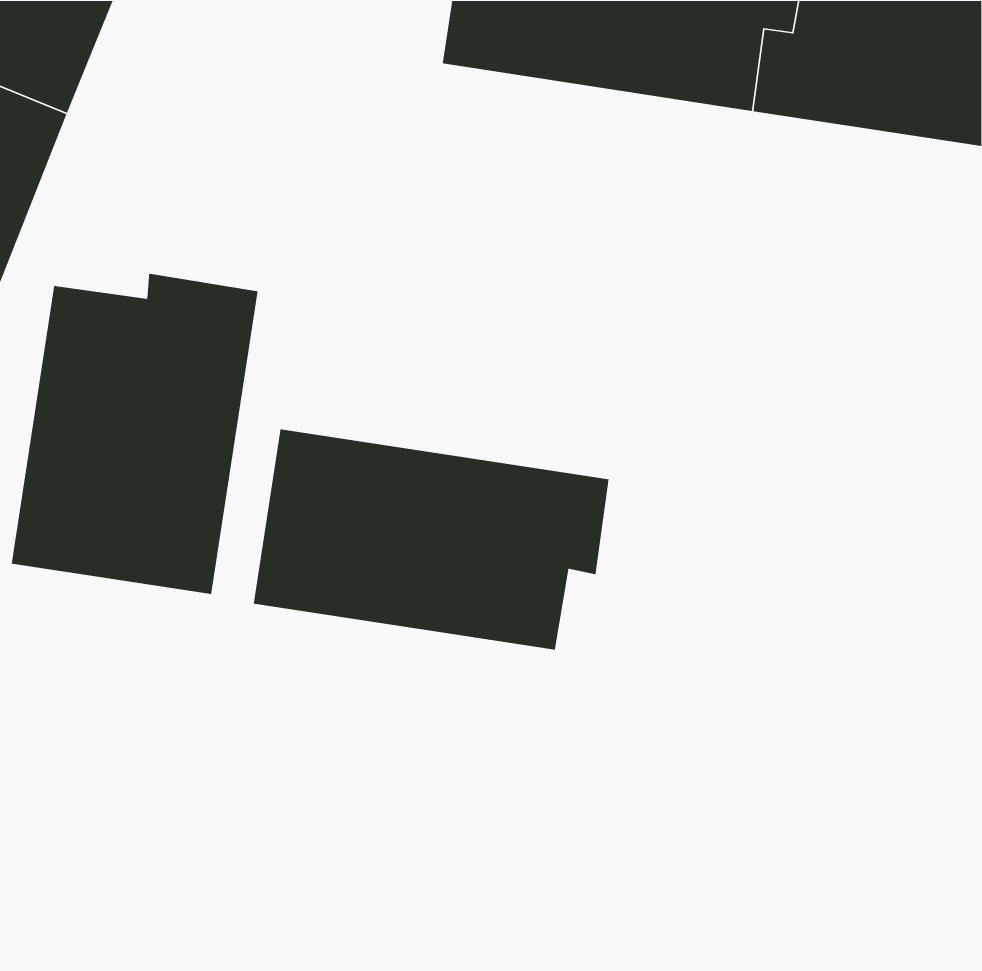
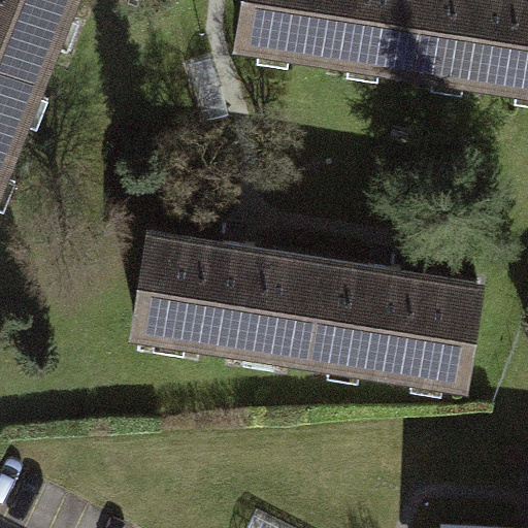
building: [11,273,259,595] -> none
building: none -> [297,264,474,382]

